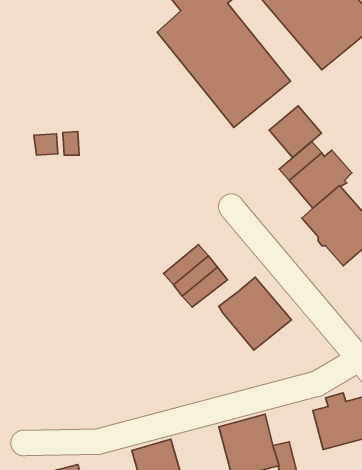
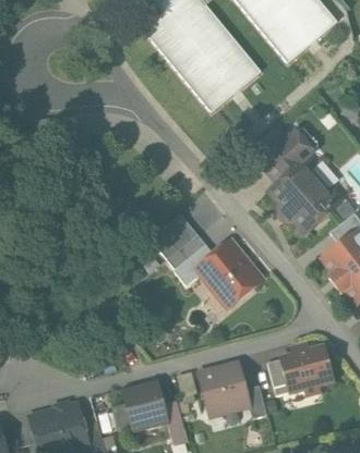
building: [269,106,321,158] -> none
building: none -> [172,244,214,285]

